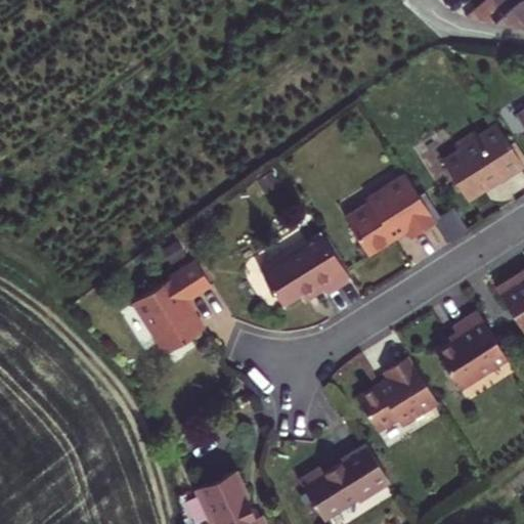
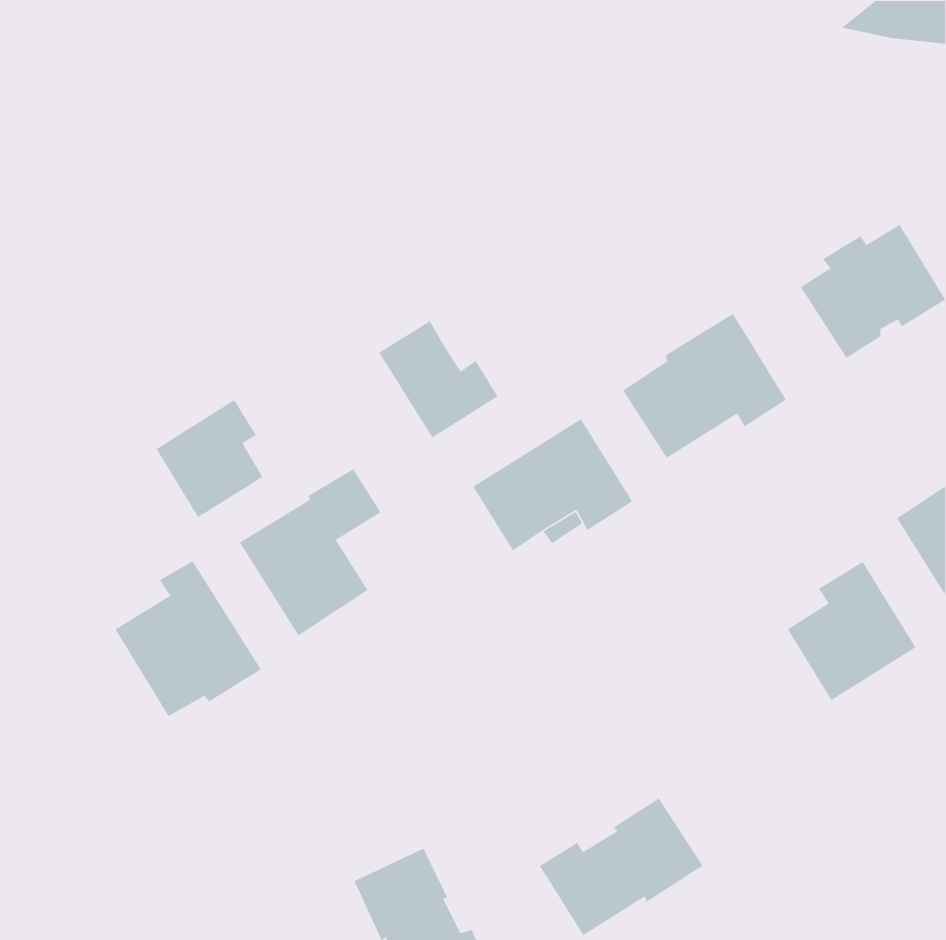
building: none -> [378,320,498,438]
building: none -> [155,399,264,518]
building: none -> [114,560,262,717]
building: [356,357,437,433] -> none

